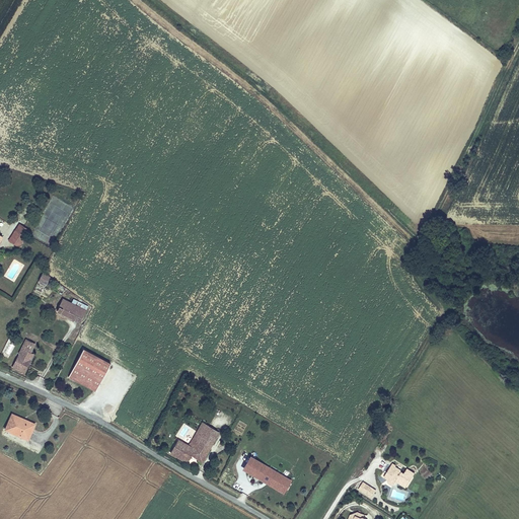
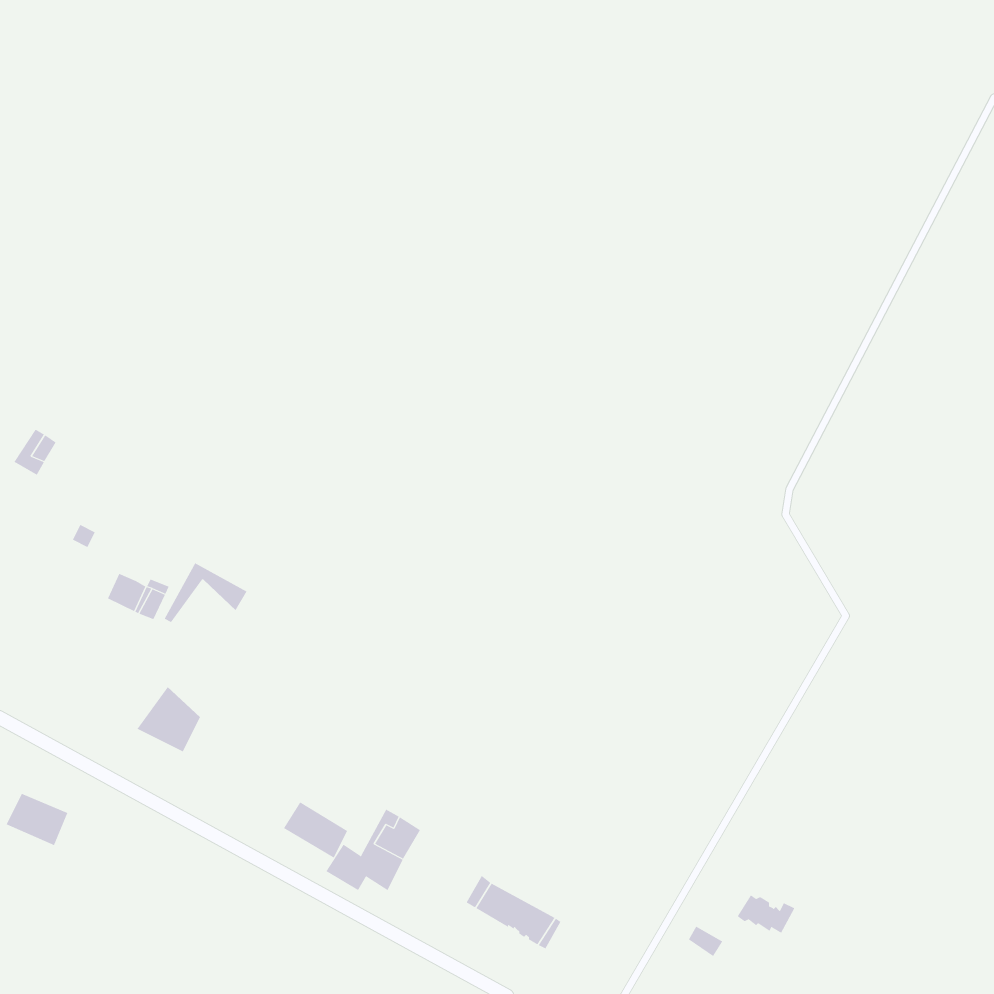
building: [11,339,35,374] -> none
building: [67,349,110,380] -> [164,562,248,623]
building: none -> [283,802,348,858]

